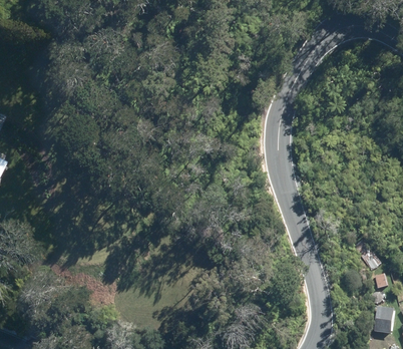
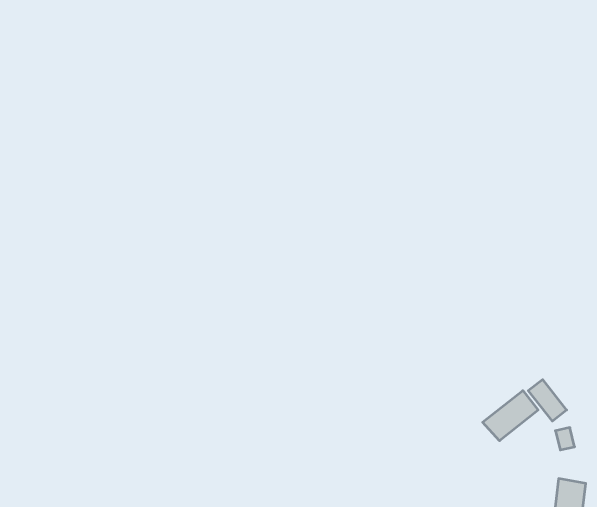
building: none -> [483,391,538,441]

